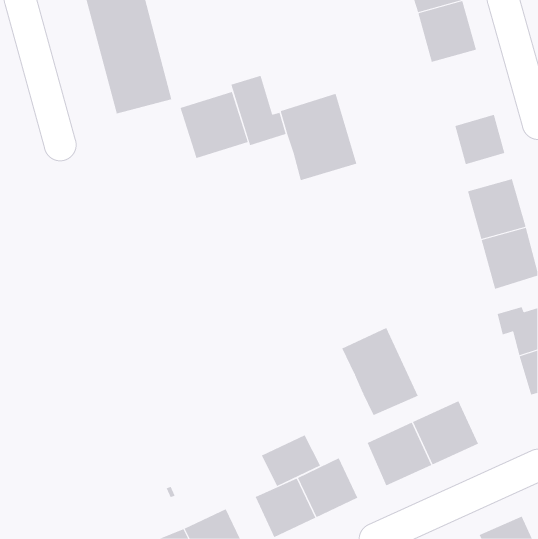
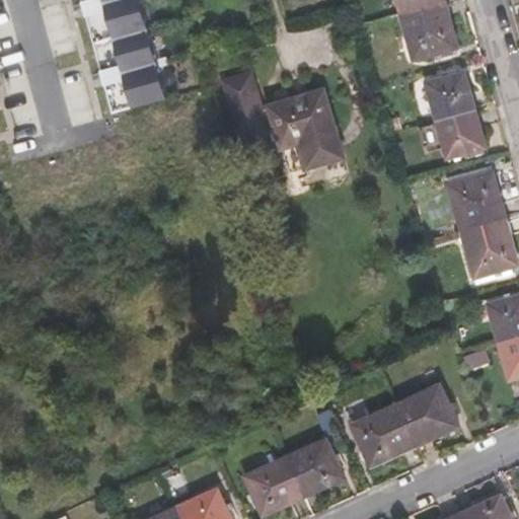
building: none -> [425,71,474,121]
building: [180,91,248,159] -> none
building: [341,327,418,416] -> none
building: [261,434,321,487] -> none

